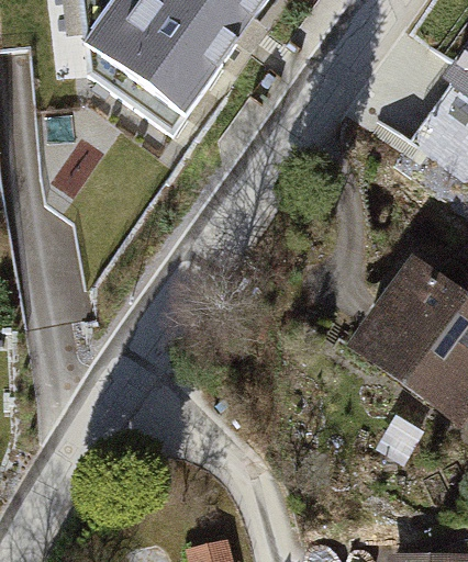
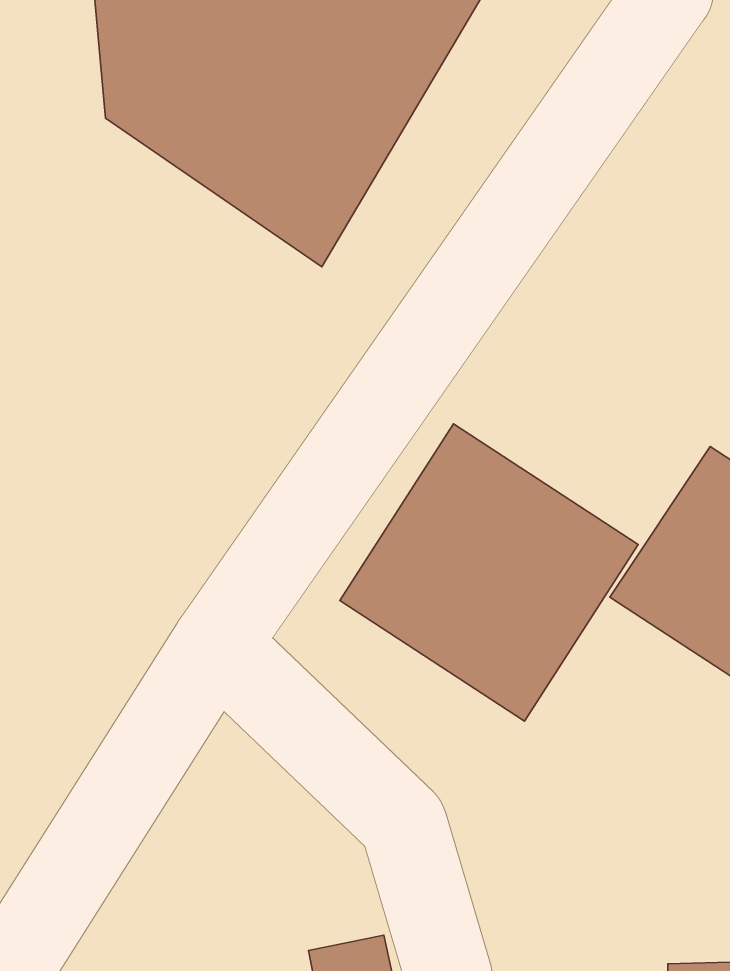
building: none -> [340,424,638,721]

